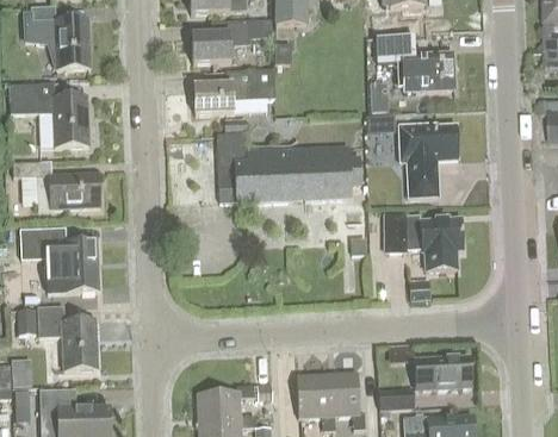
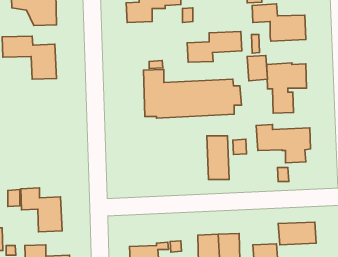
building: [194,69,274,114] -> [187,31,242,62]
building: [13,162,100,210] -> none
building: [20,227,100,293] -> none
building: none -> [207,136,229,179]

